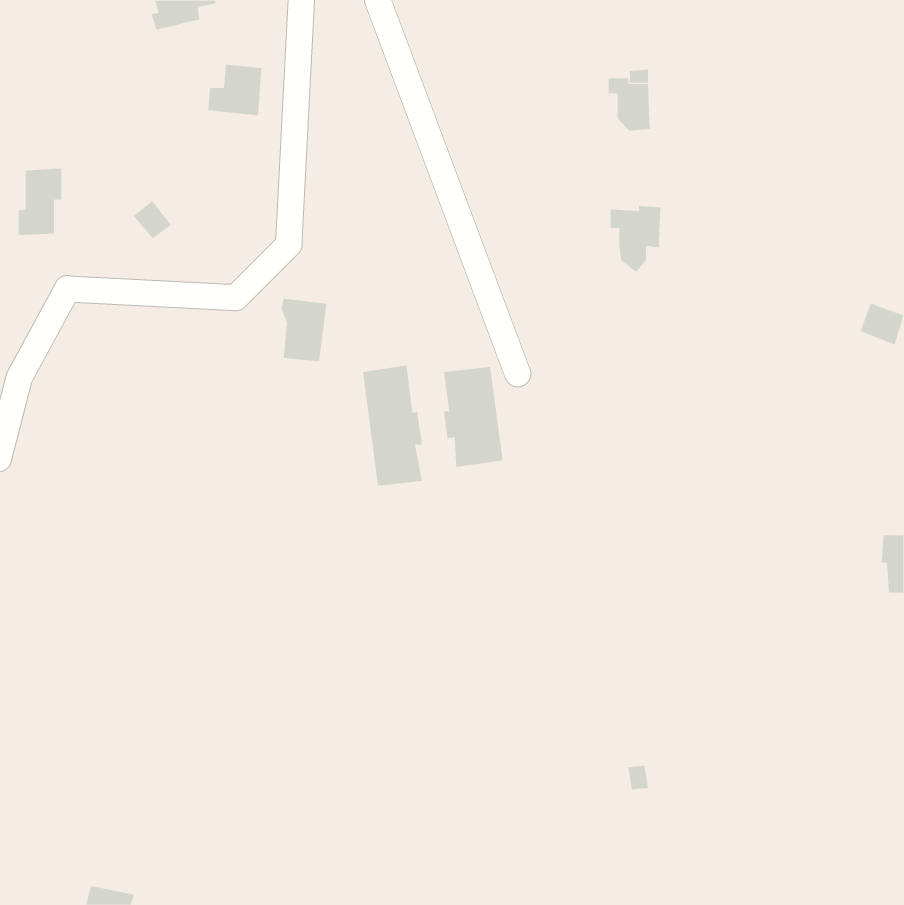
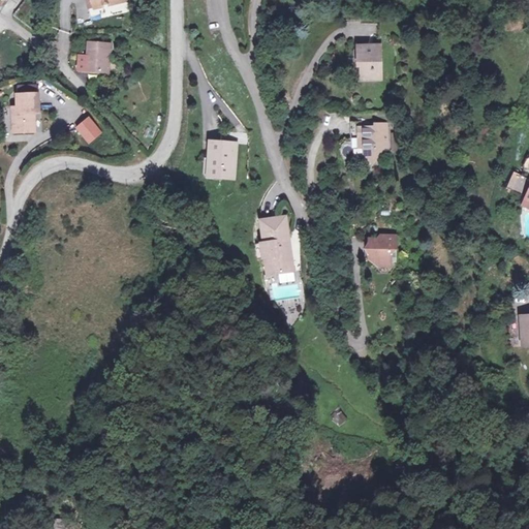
building: [207,64,262,116] -> [82,40,114,70]
building: [281,298,327,362] -> [206,141,232,178]
building: [362,364,422,486] -> none
building: none -> [368,231,395,262]

